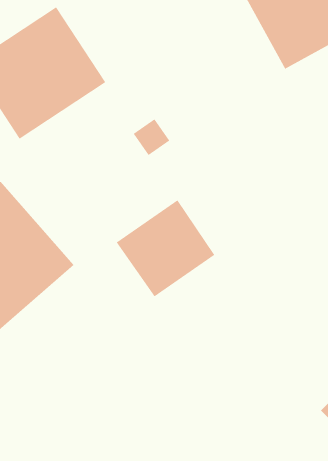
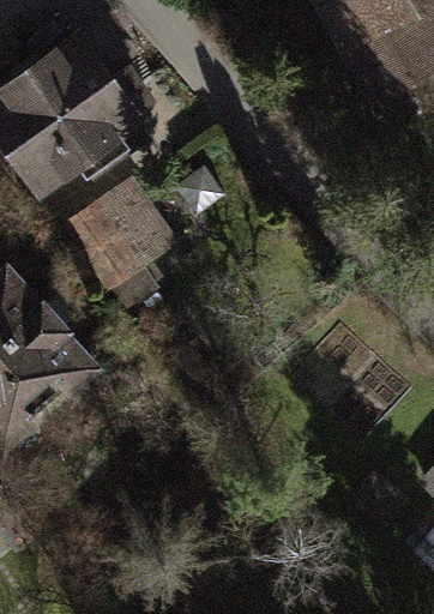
building: [116,199,215,297] -> [56,180,181,302]

